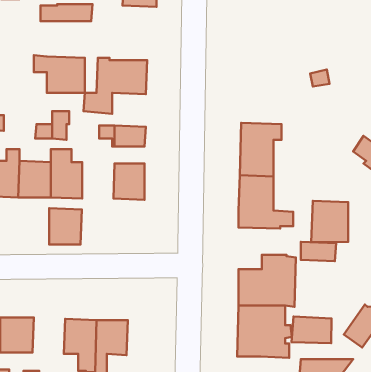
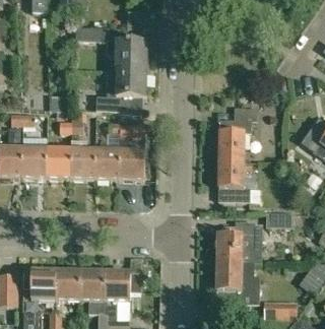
building: [34,55,85,93] -> [106,41,145,70]
building: [311,201,348,242] -> none
building: [49,208,82,245] -> [94,149,120,178]
building: [291,317,332,343] -> none
building: none -> [56,270,81,299]

